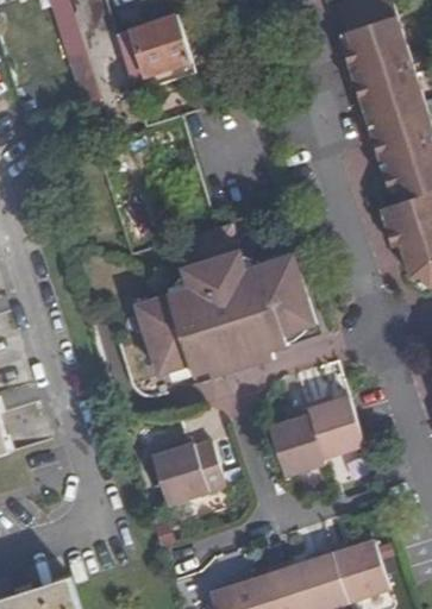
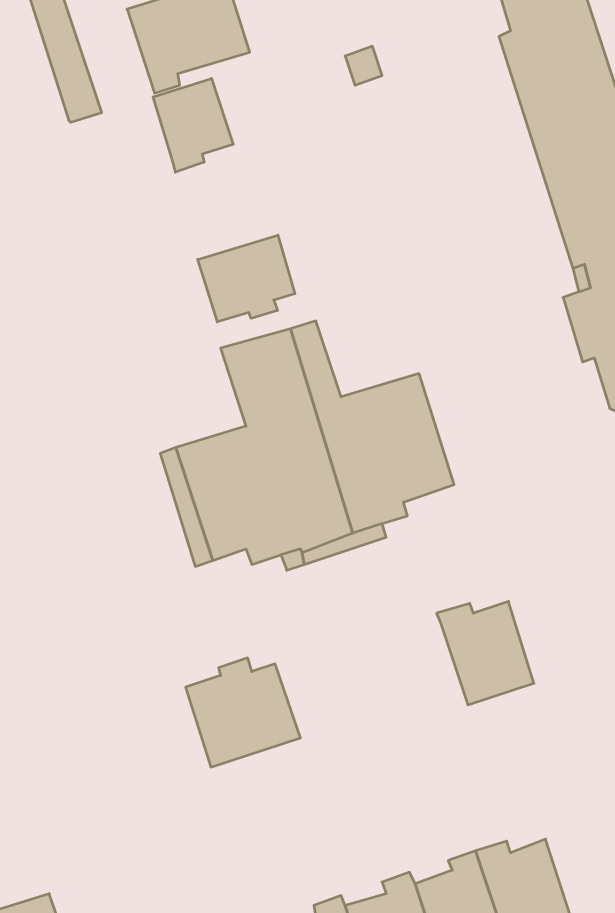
building: none -> [153,78,233,172]
building: none -> [198,235,295,322]
building: [269,412,326,482] -> none

